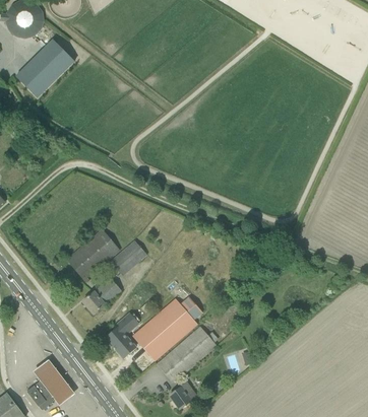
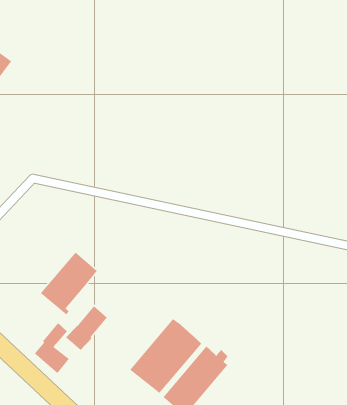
building: [110,240,146,275] -> none
building: [105,316,136,359] -> [34,322,70,374]

